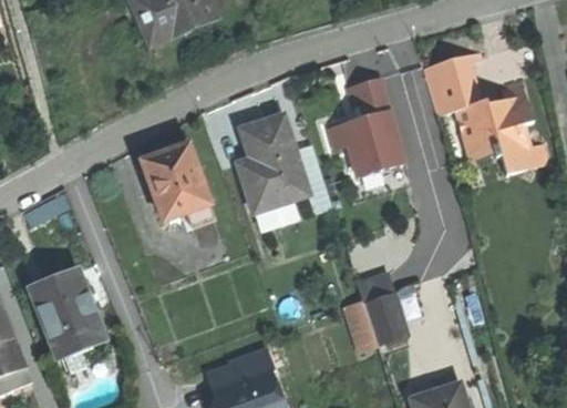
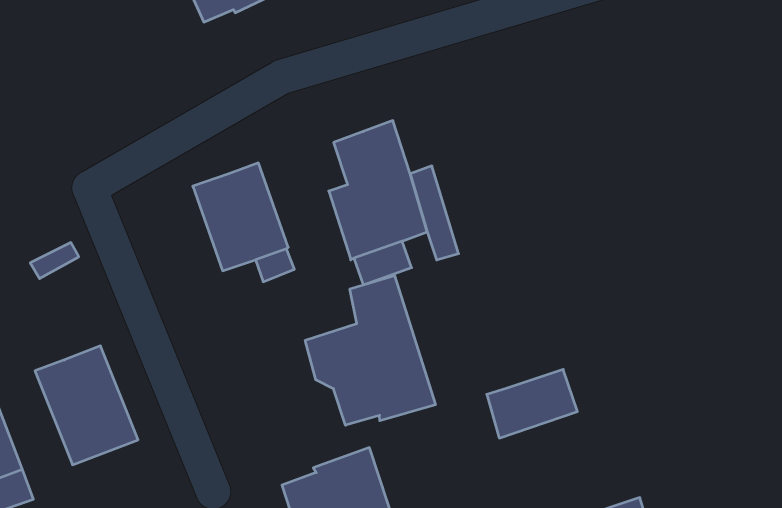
building: [423,50,549,174] -> none
building: [331,78,405,176] -> none
building: none -> [305,275,435,425]

